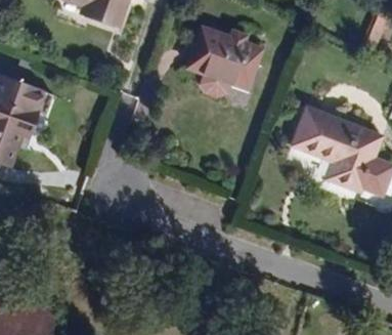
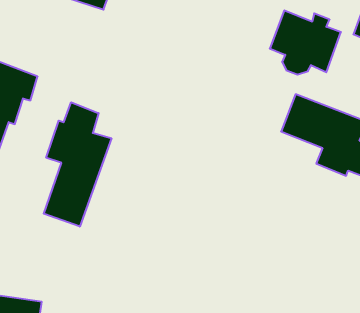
building: [189,28,260,91] -> [270,10,341,74]
building: none -> [44,102,111,227]

